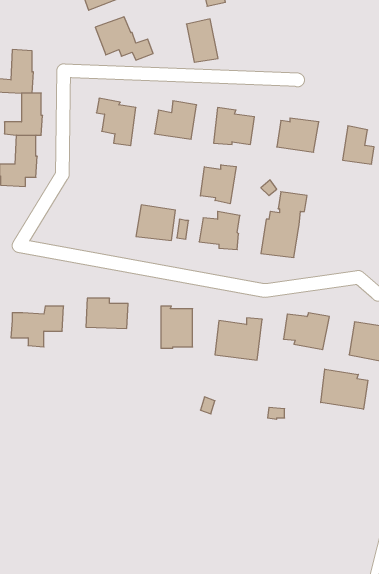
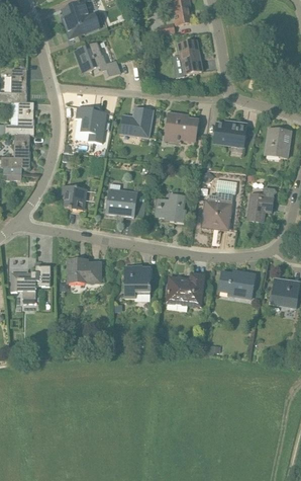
building: [186,19,218,62] -> [178,39,202,73]
building: [200,165,236,204] -> none
building: none -> [63,184,87,209]
building: none -> [247,186,275,220]
building: [321,369,368,409] -> none

